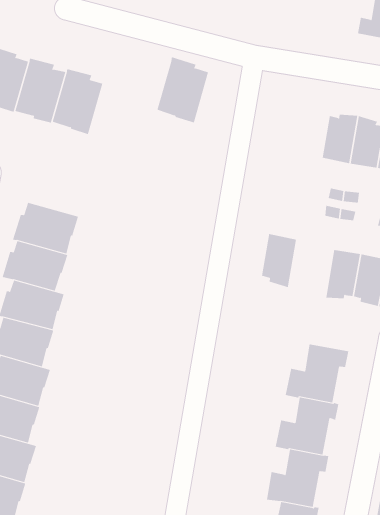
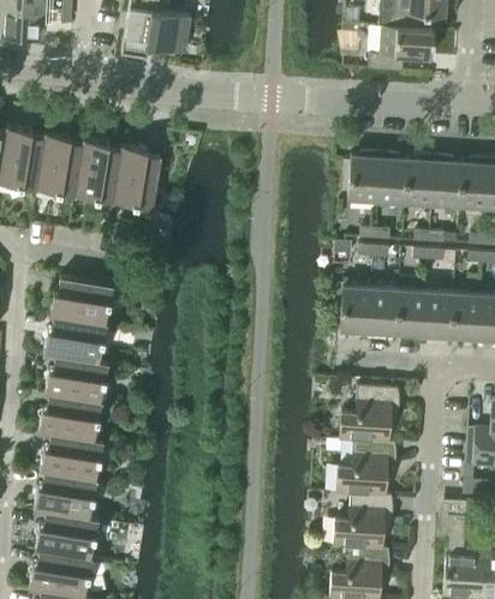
building: [156,57,209,123] -> [113,146,161,210]
building: [261,234,297,288] -> [340,287,371,339]

